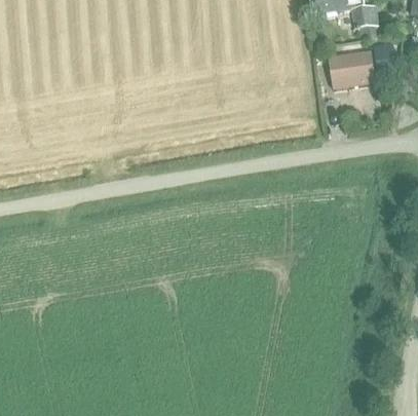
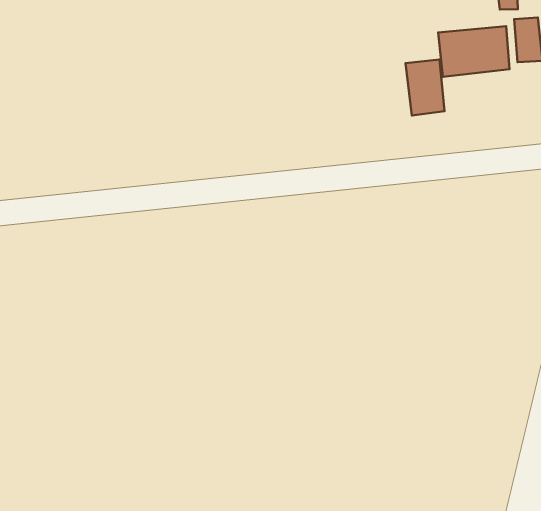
building: none -> [406,60,445,116]

